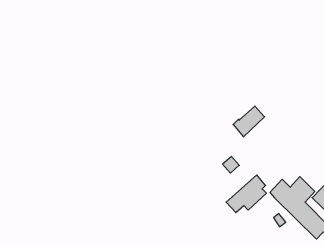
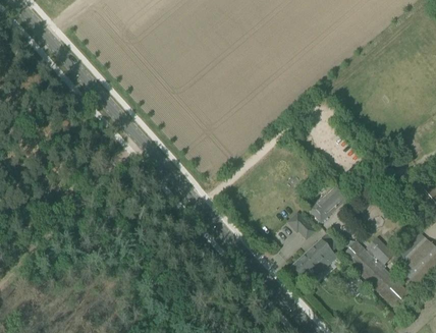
building: [233,106,265,137] -> [310,185,346,221]

